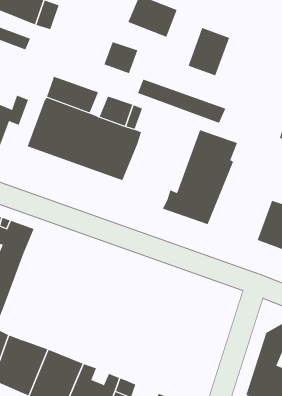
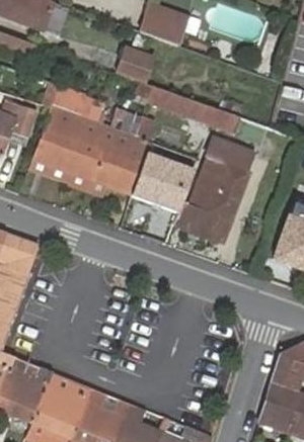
building: [188,27,230,76] -> none
building: none -> [132,156,193,214]

